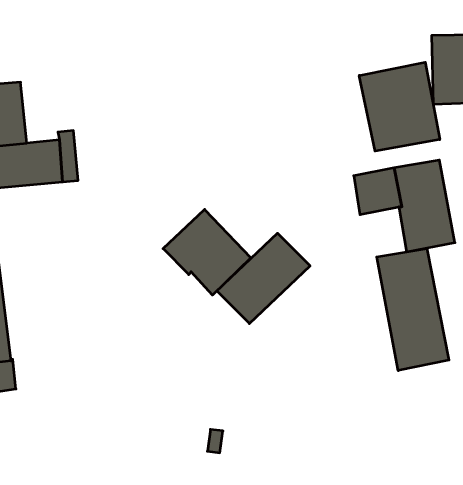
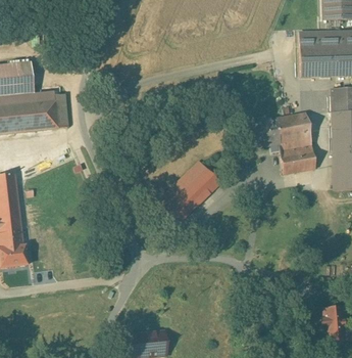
building: [359,62,440,151] -> none
building: [163,209,251,295] -> none
building: [377,249,449,371] -> none

